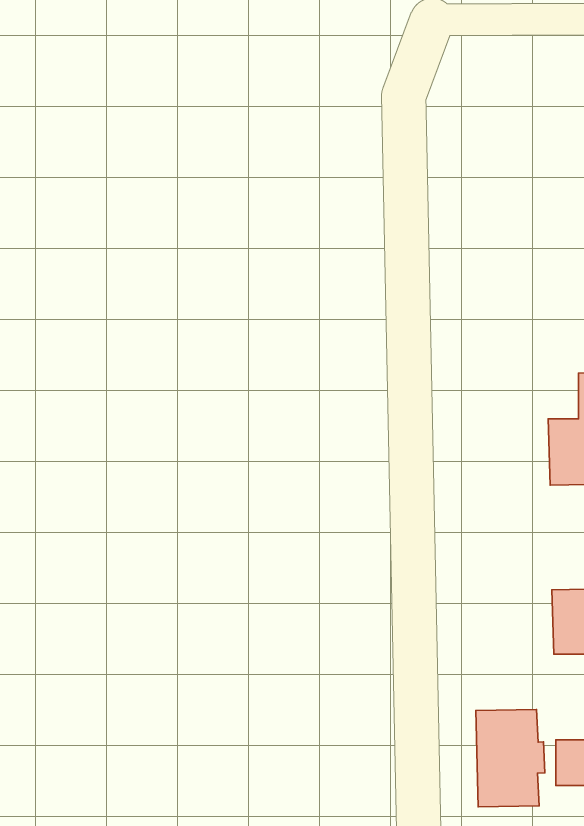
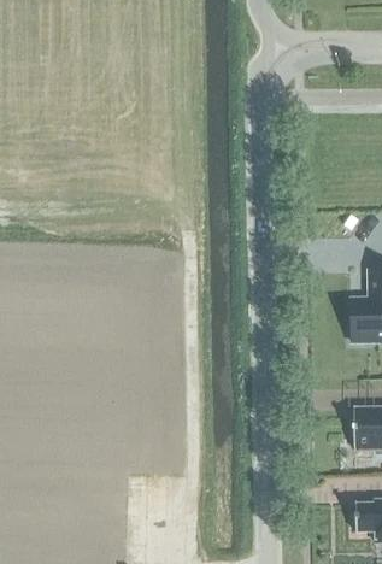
building: [476,710,545,807] -> none

